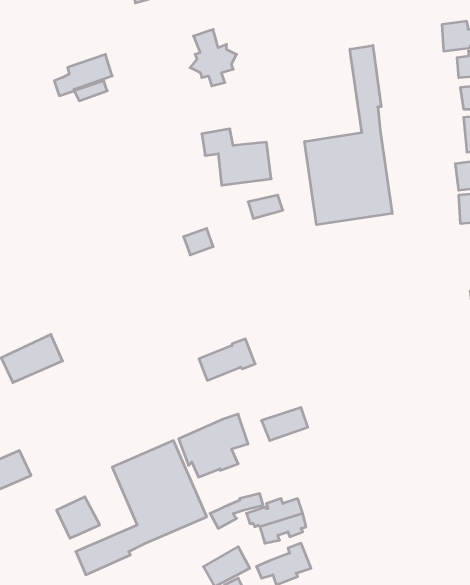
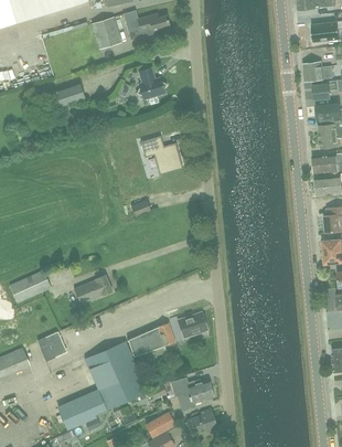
building: [305,45,392,225] -> none
building: [199,339,255,380] -> [74,275,111,302]
building: [57,497,100,538] -> [38,331,66,359]

